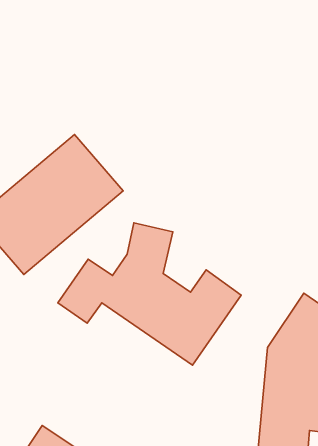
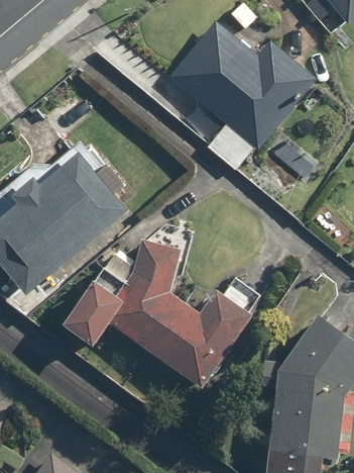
building: none -> [166,21,317,172]

